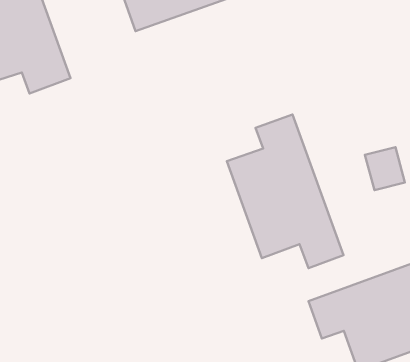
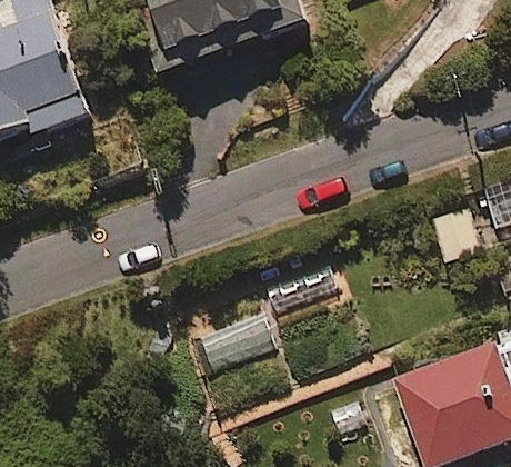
building: [227,114,344,268] -> none

